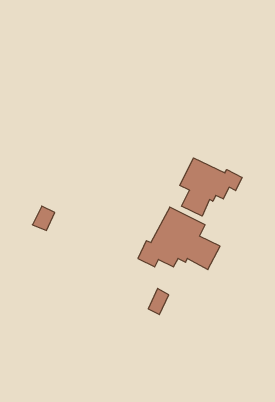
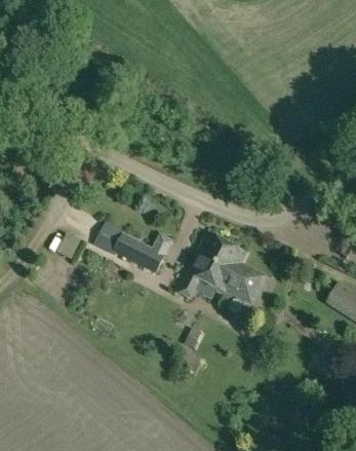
building: [180,158,242,216] -> none
building: none -> [94,221,166,274]

